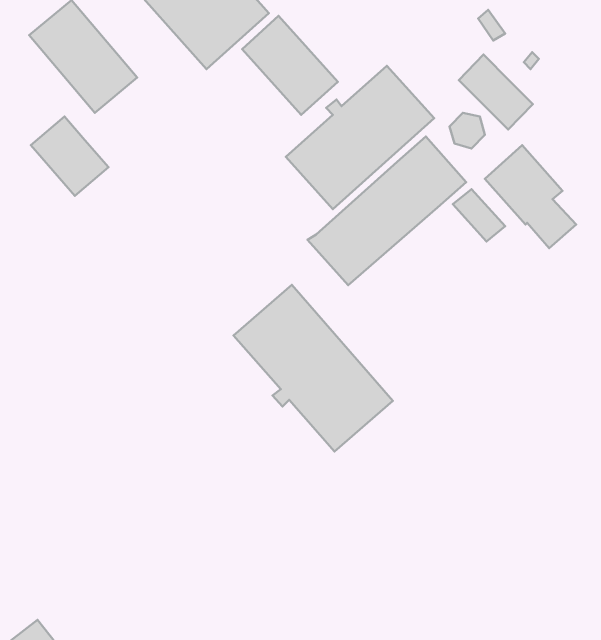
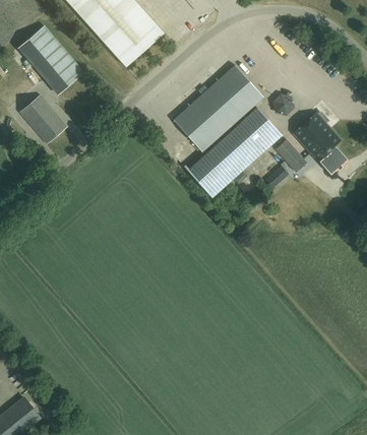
building: [242,16,338,115] -> none
building: [459,55,533,129] -> none
building: [234,285,393,451] -> none

